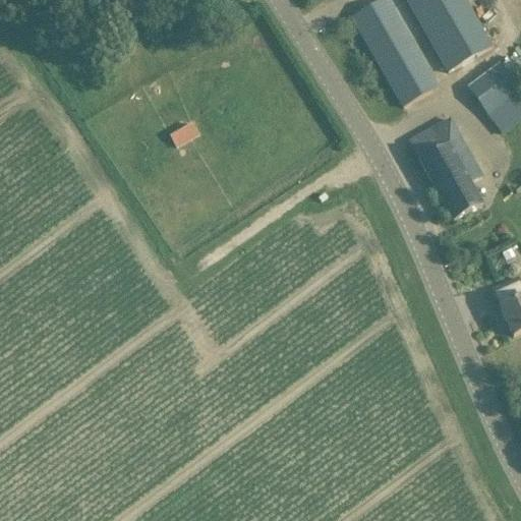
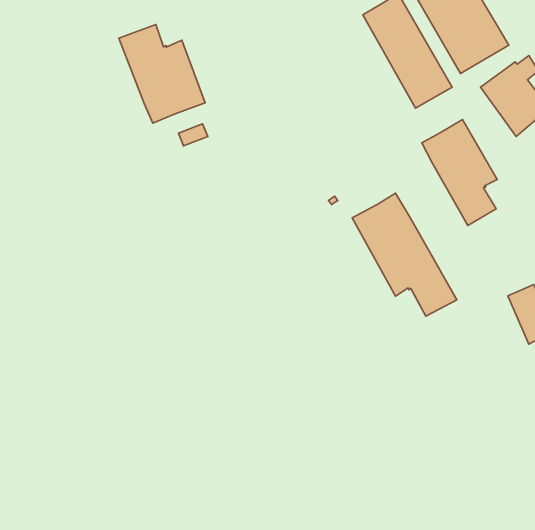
building: none -> [119,24,205,123]
building: none -> [352,193,457,316]

